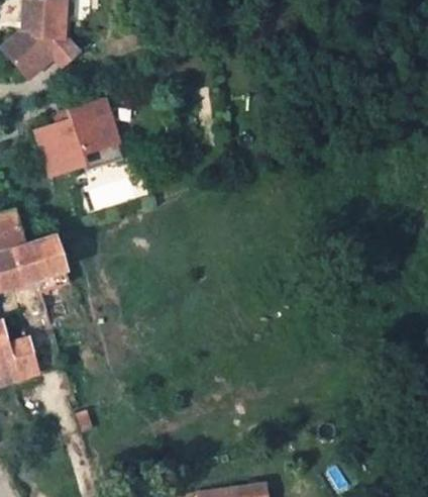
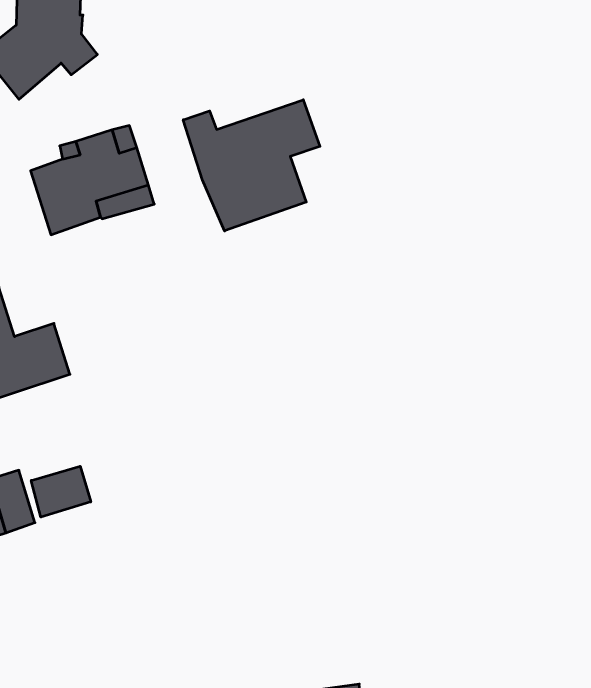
building: none -> [183,100,320,231]
building: none -> [31,466,91,517]

